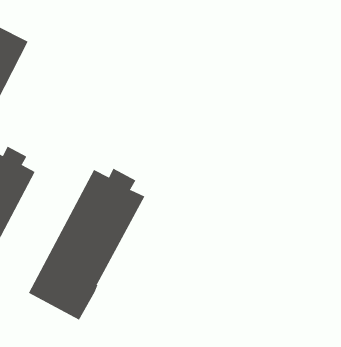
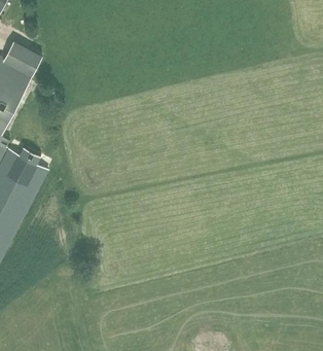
building: [28,168,145,320] -> none

